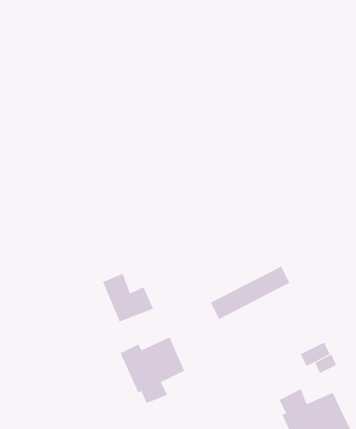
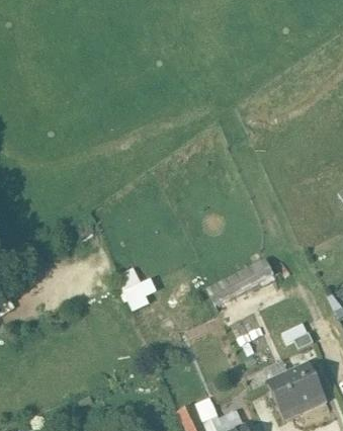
building: [120,337,185,404] -> none

